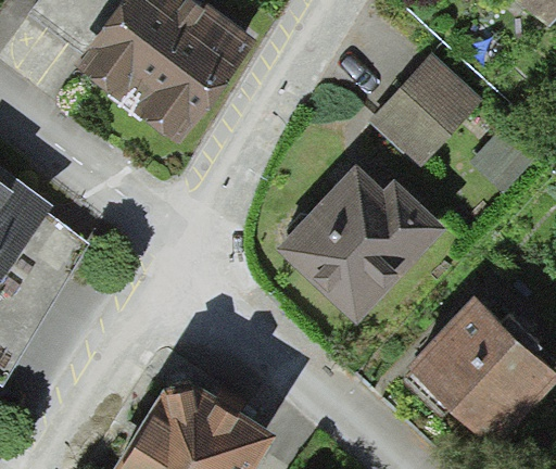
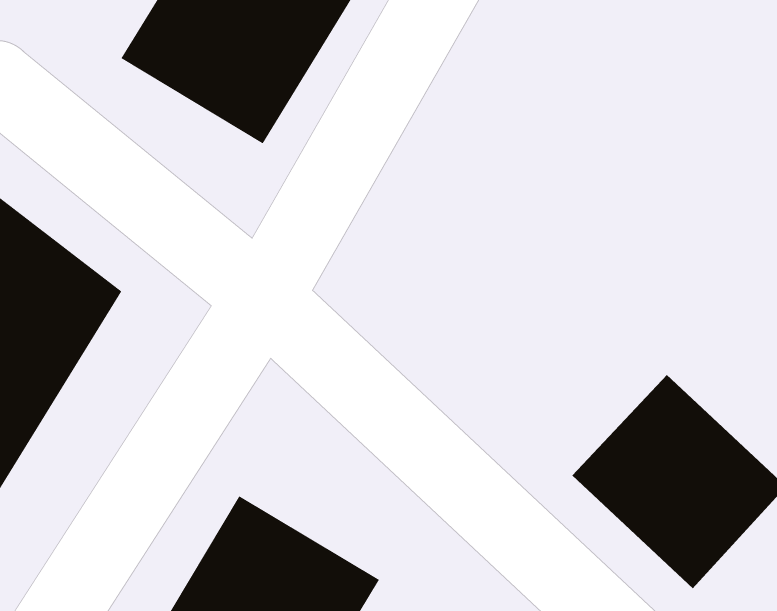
building: [377,53,481,159] -> none
building: [274,163,440,322] -> none

